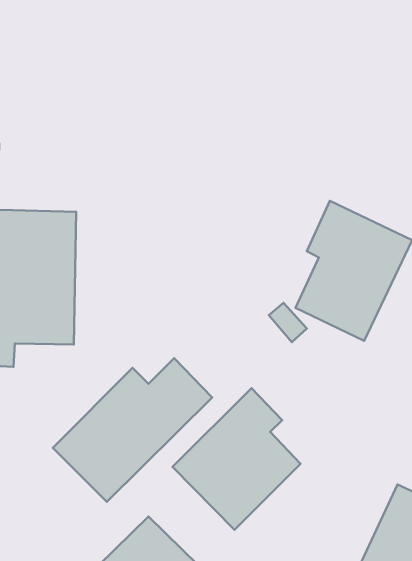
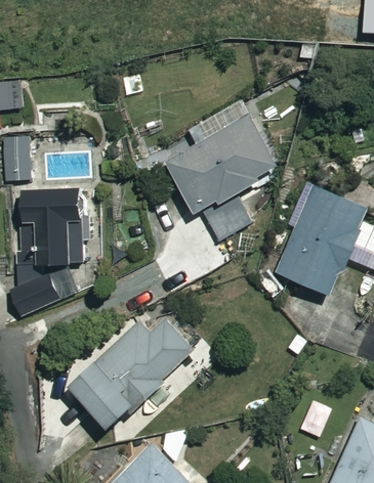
building: none -> [163,113,281,246]
building: [172,388,301,530] -> none

